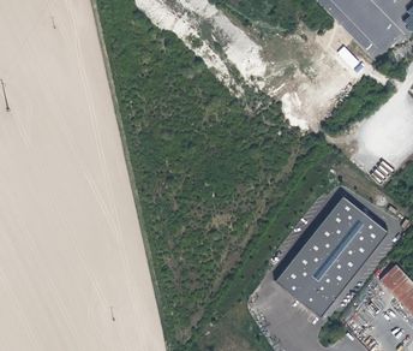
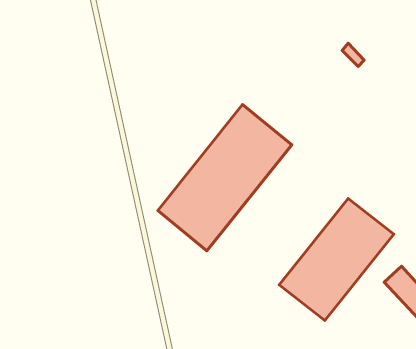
building: none -> [158,105,292,251]

